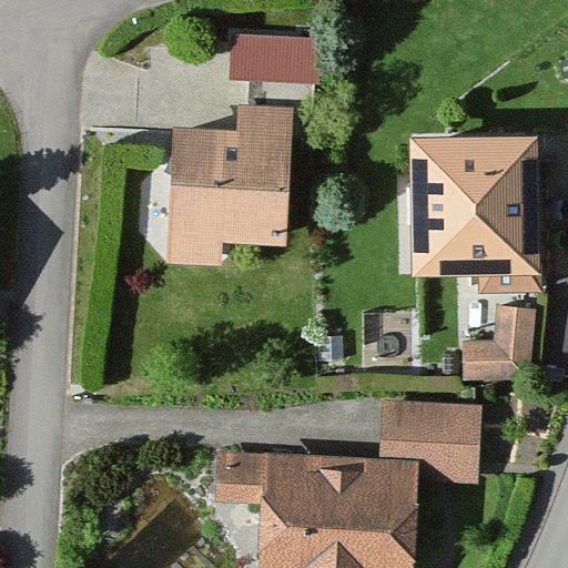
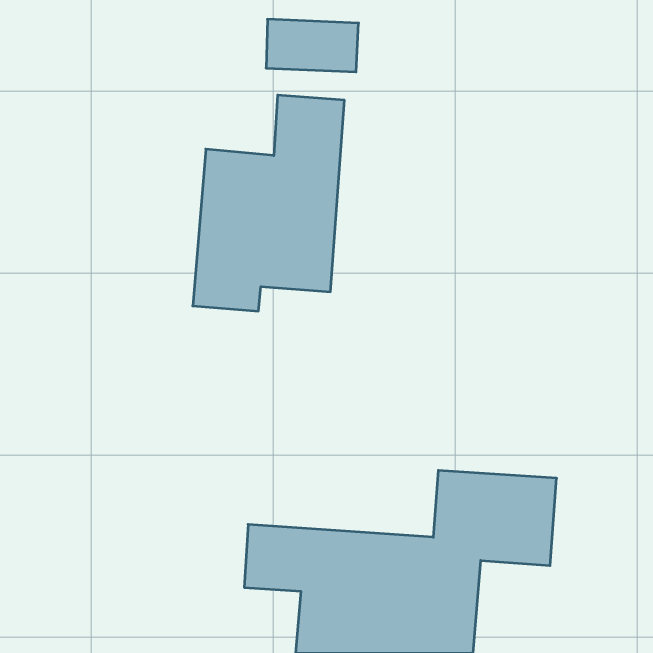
building: [416,130,548,292] -> none
building: [459,312,529,386] -> none

